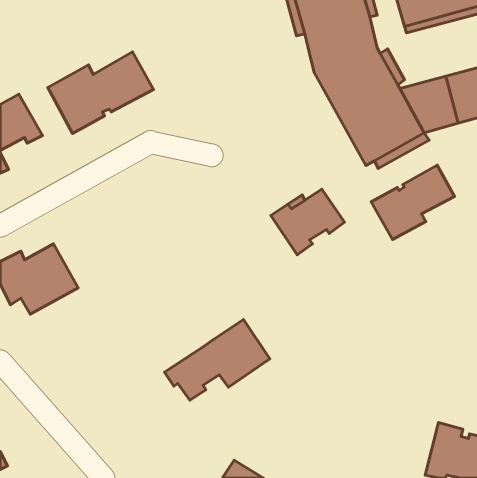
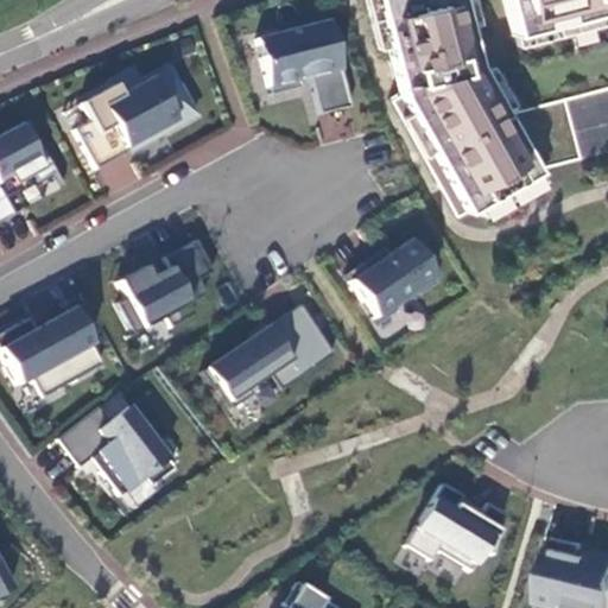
building: none -> [256,19,352,113]
building: [371,165,454,240] -> none
building: none -> [116,239,214,336]
building: [165,319,270,400] -> [203,303,336,405]
building: none -> [58,406,177,495]
building: none -> [407,482,508,571]

